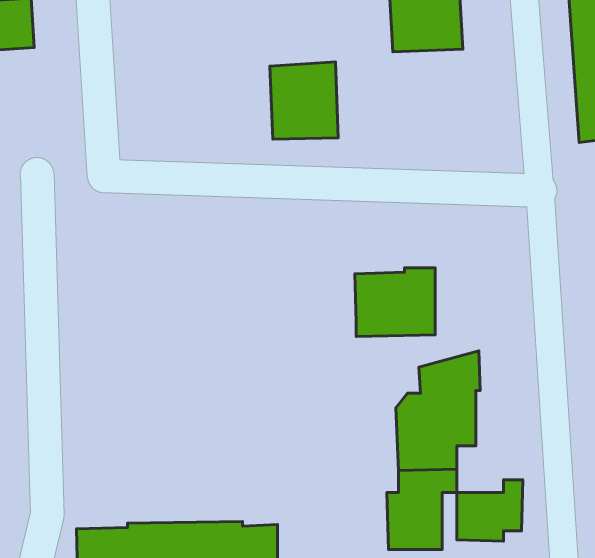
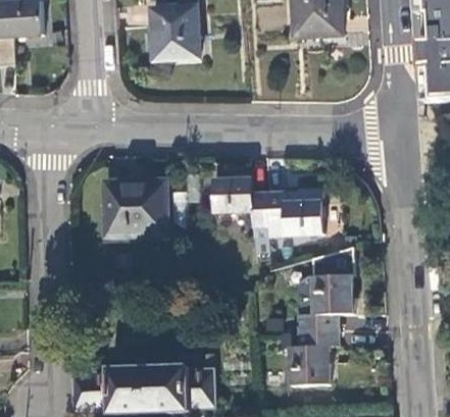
building: [270,62,338,139] -> [150,6,198,60]
building: none -> [212,177,268,227]
building: none -> [103,178,167,237]
building: [457,480,523,541] -> none

